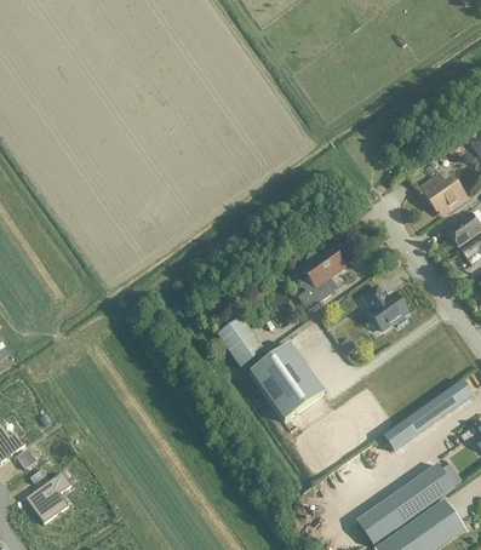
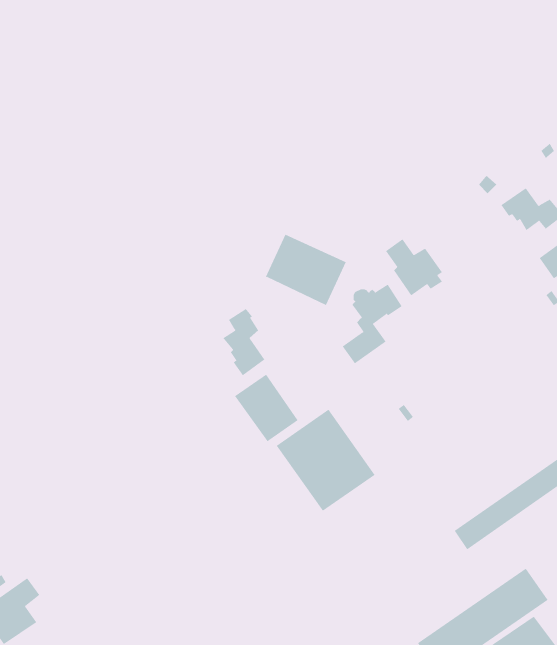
building: none -> [265,234,347,306]
building: none -> [223,308,265,376]
building: [363,286,407,330] -> [385,238,443,296]

